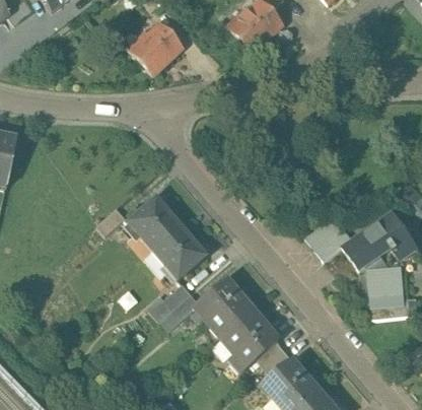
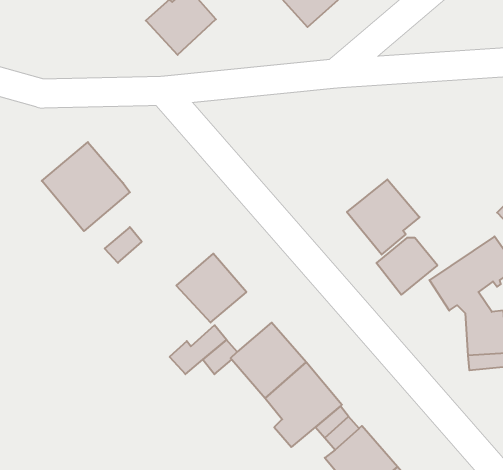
building: none -> [42,142,130,231]
building: none -> [347,179,420,255]
building: [127,198,180,251] -> none

